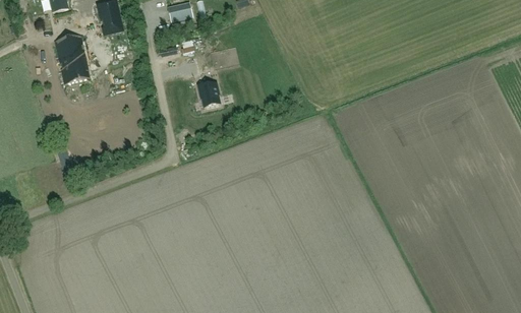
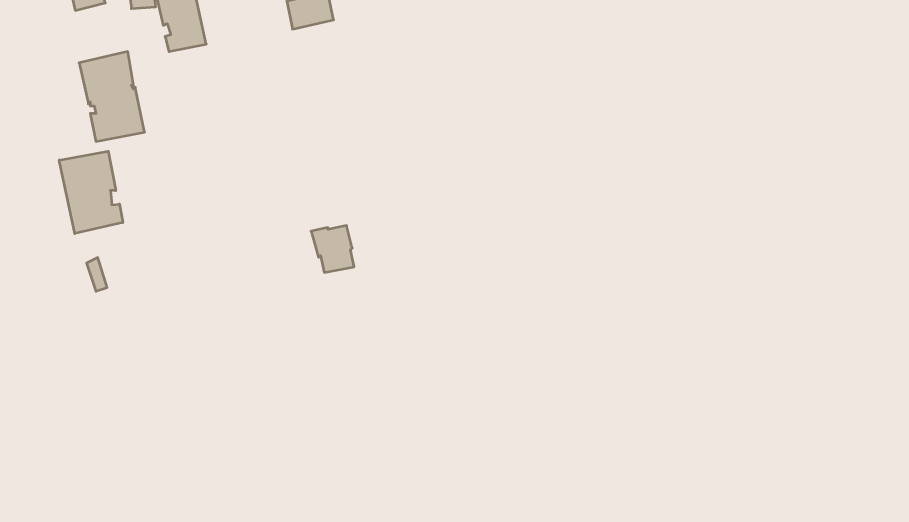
building: [197,81,221,107] -> [311,226,354,272]
building: none -> [59,151,123,234]

